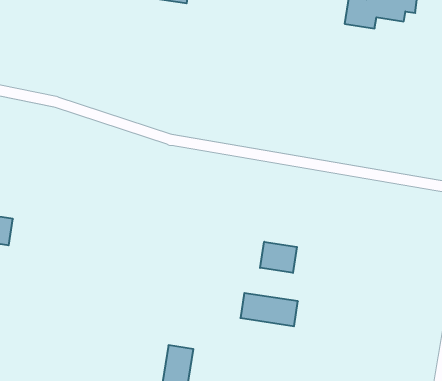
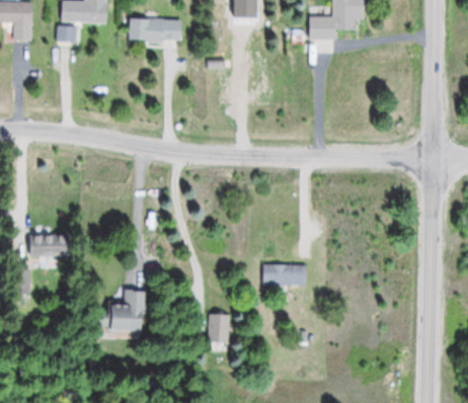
building: [260,242,297,273] -> none
building: none -> [102,290,146,332]

